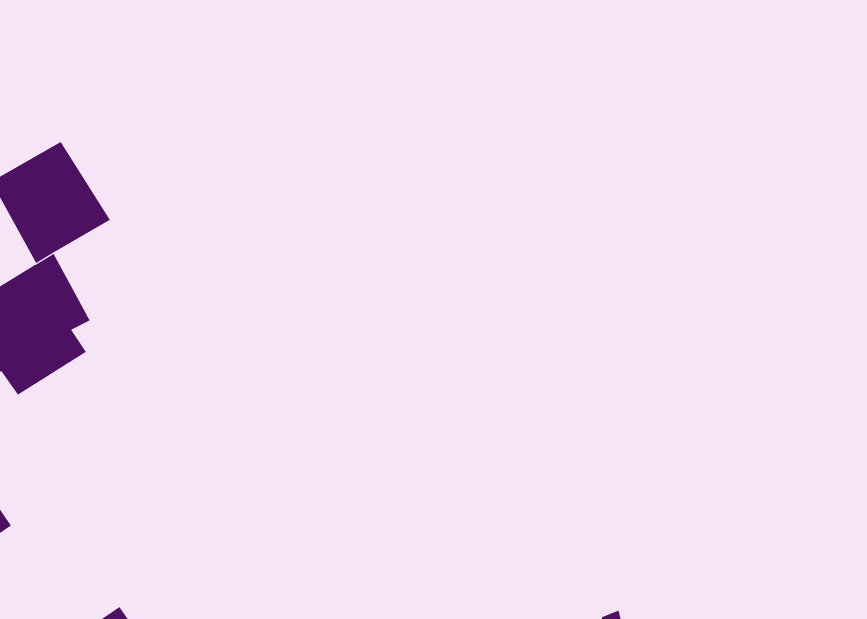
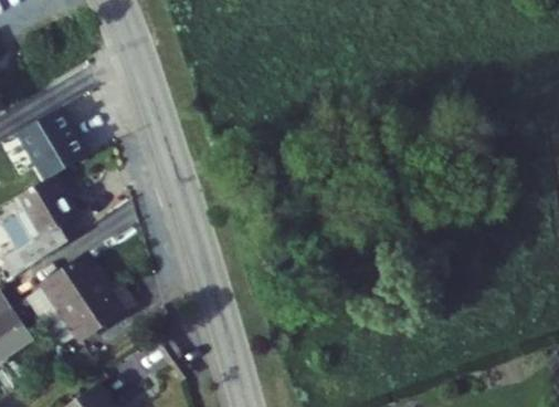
building: none -> [40,259,133,345]

